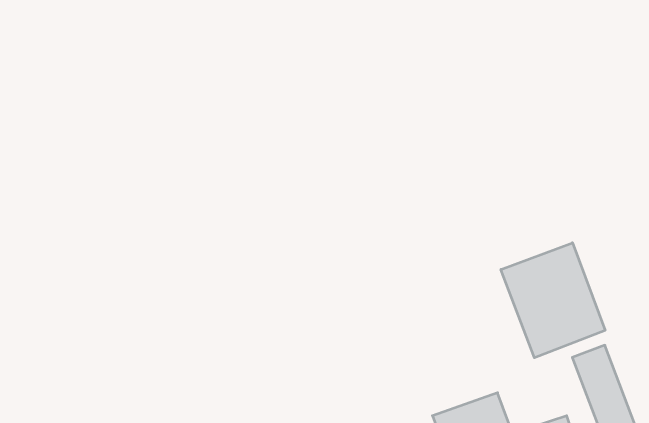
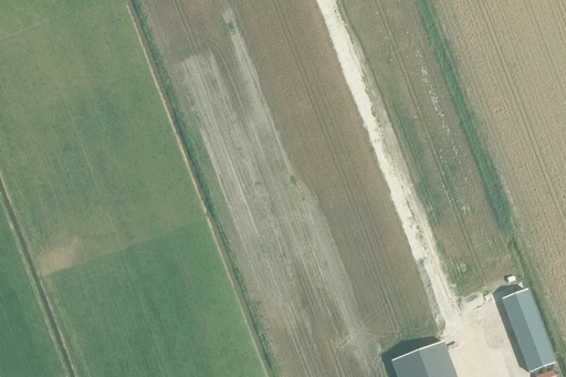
building: [501,243,605,358] -> none

